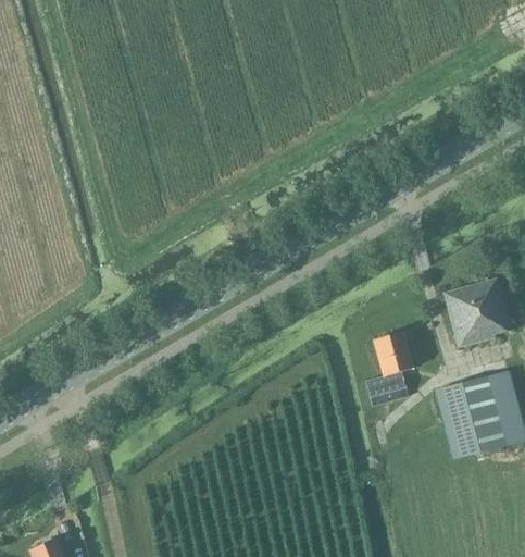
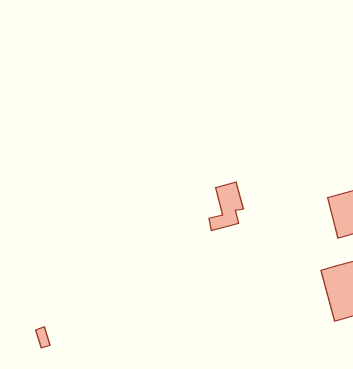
building: [366,333,413,398] -> [209,182,244,230]

